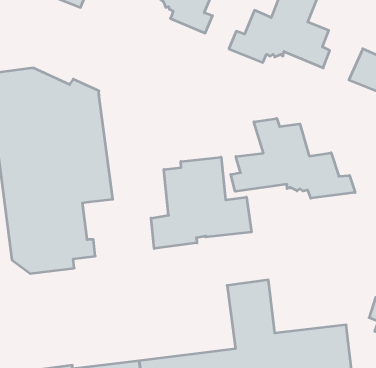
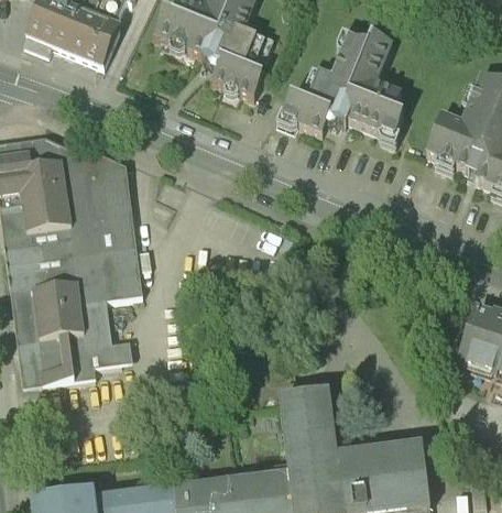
building: [231,118,355,198] -> none
building: [151,157,251,249] -> none

